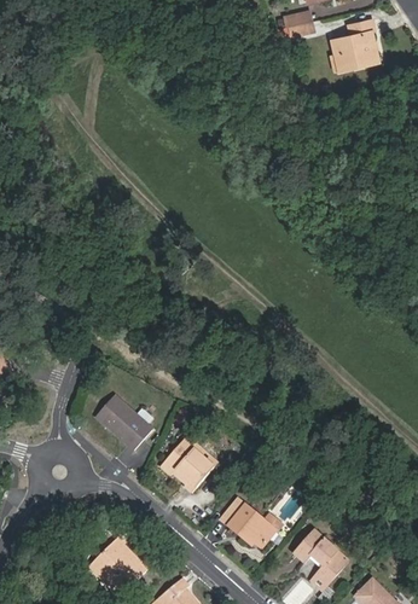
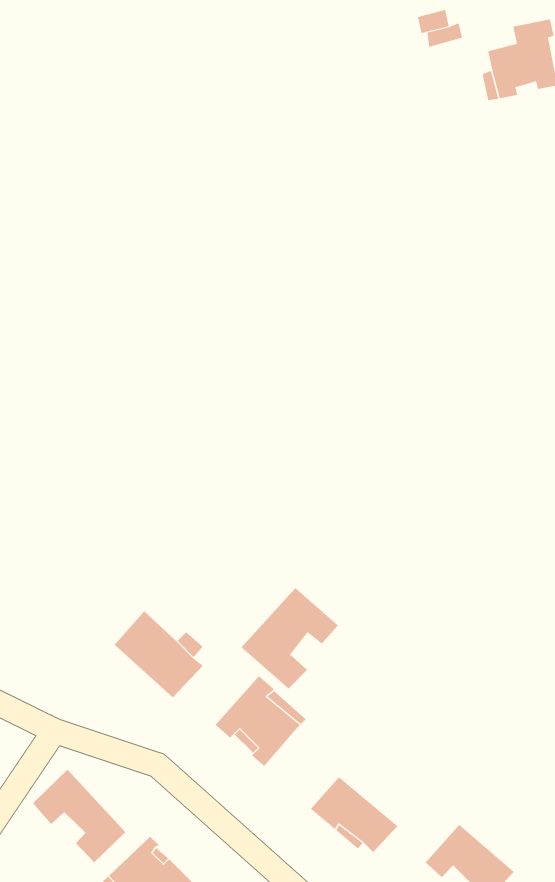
building: none -> [240,587,339,689]
building: none -> [32,769,126,863]

